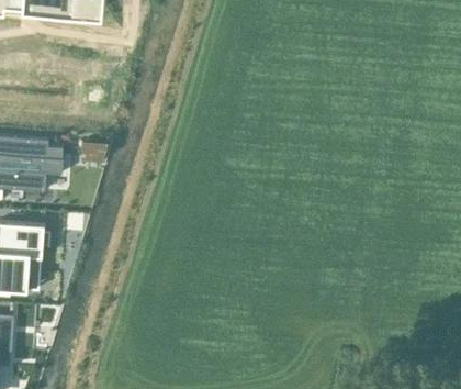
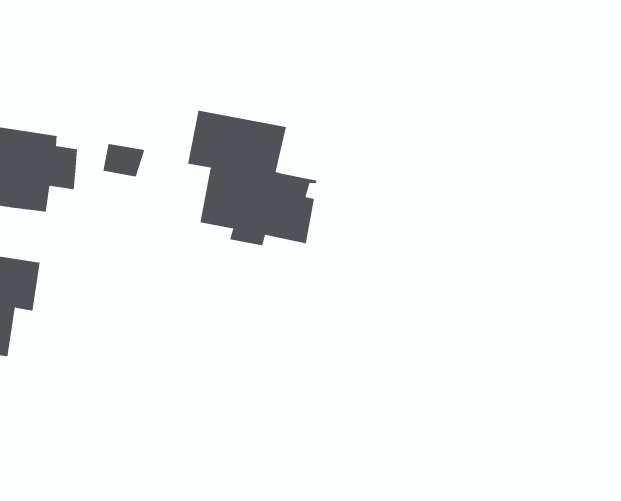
building: none -> [188,110,317,246]

